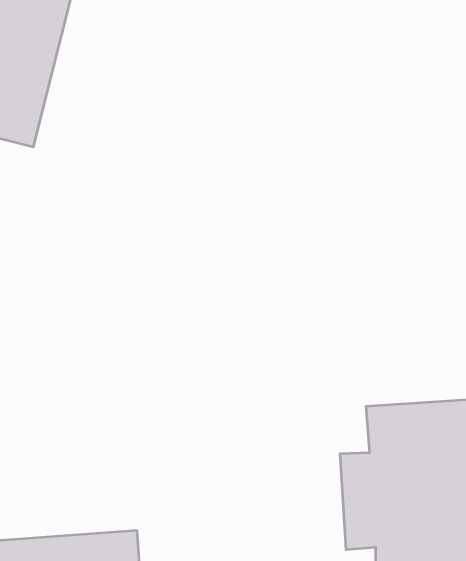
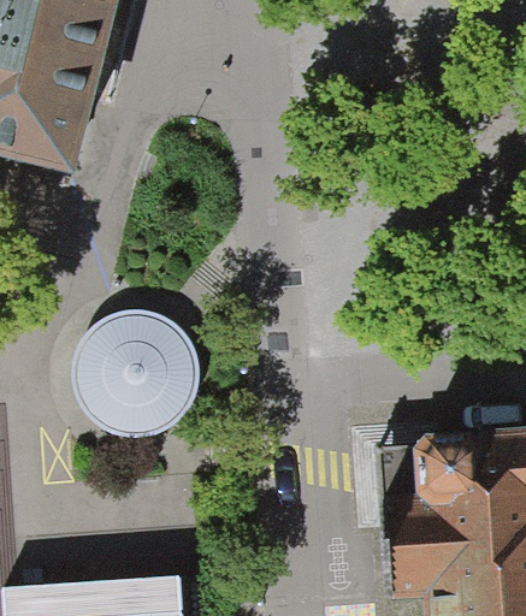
building: none -> [72,307,200,434]

